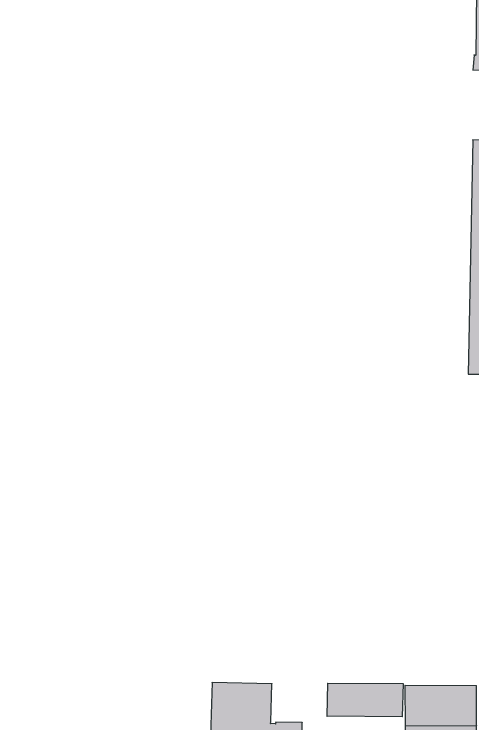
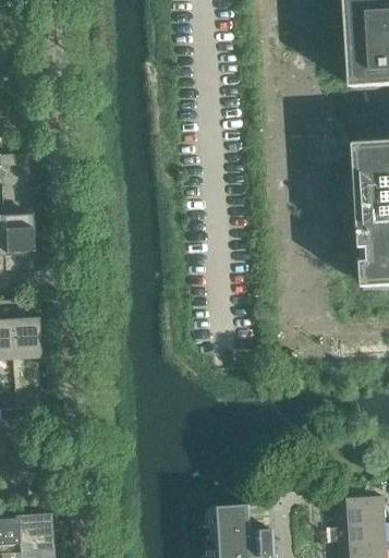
building: [327,683,403,717] -> none

